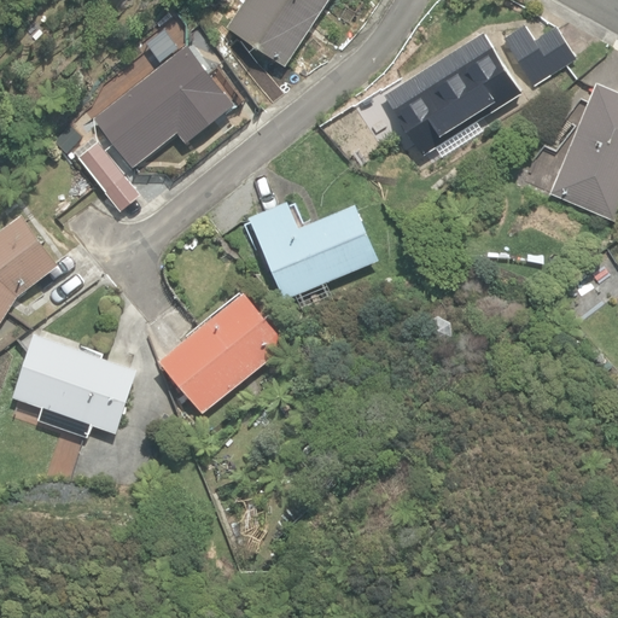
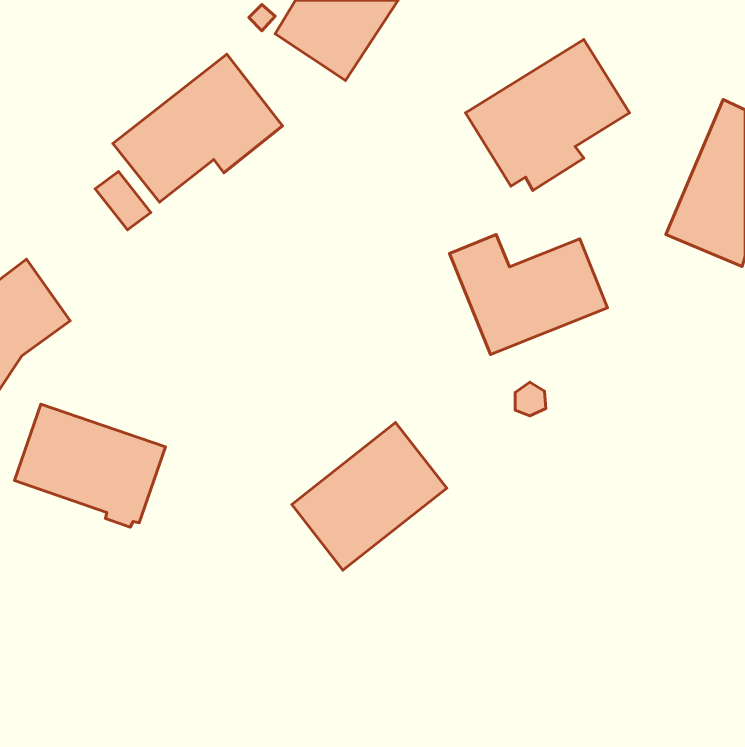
building: [502,25,575,86] -> none
building: [249,200,379,299] -> [449,234,608,355]
building: [159,292,287,414] -> [292,422,447,570]

